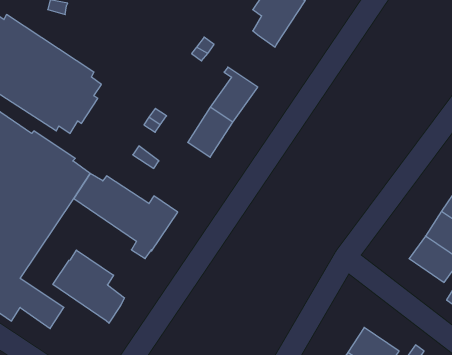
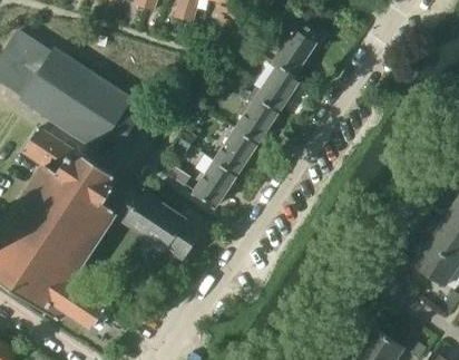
building: none -> [251,67,299,113]
building: none -> [193,162,235,207]
building: [53,250,124,323] -> none

